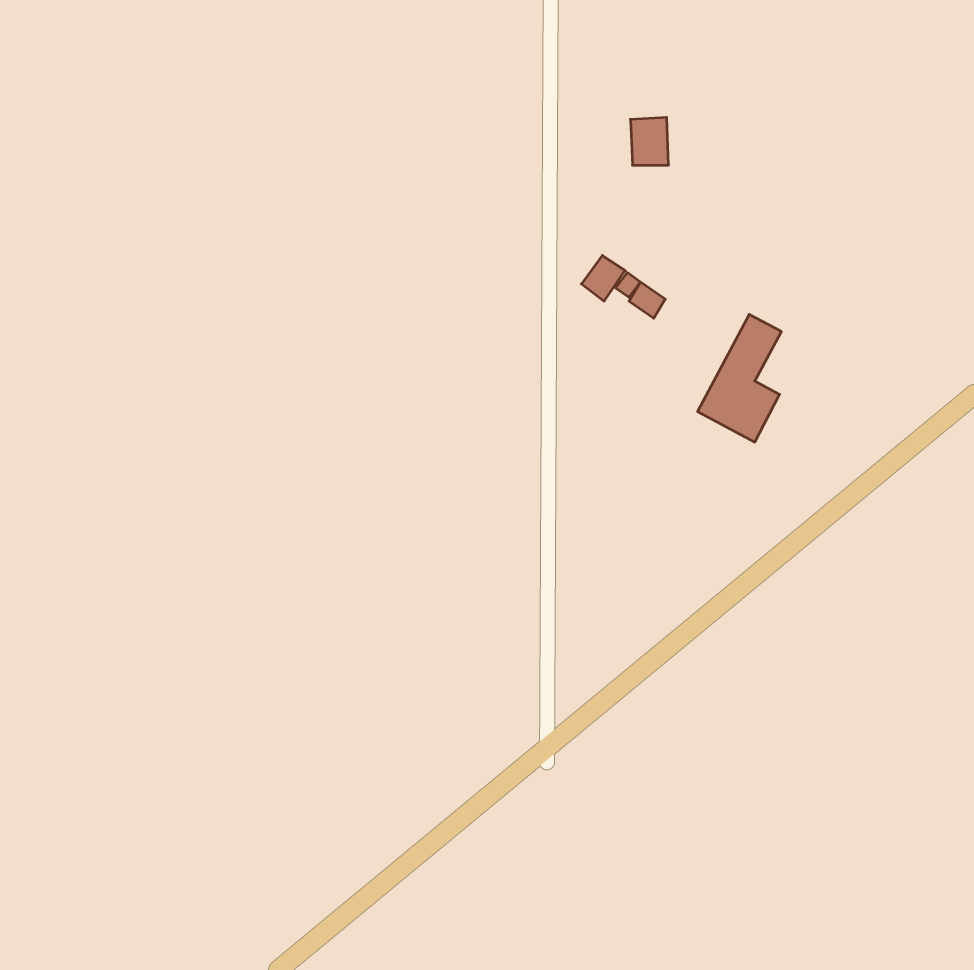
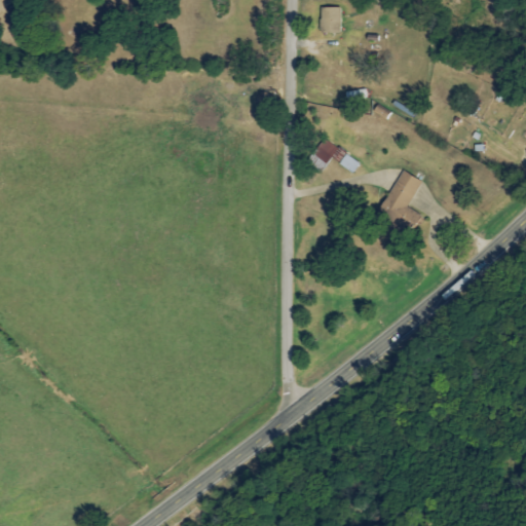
building: [630,117,669,165] -> [321,5,341,31]

